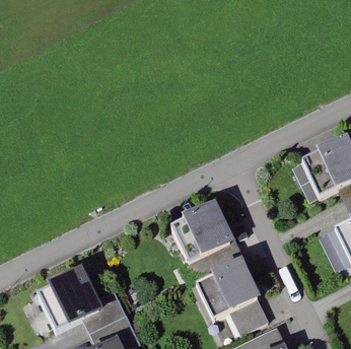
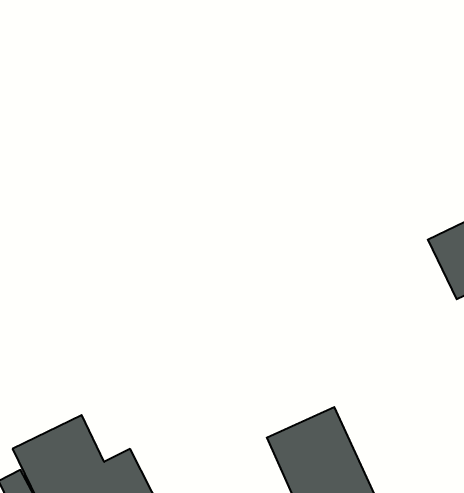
building: [176,202,234,262] -> none

